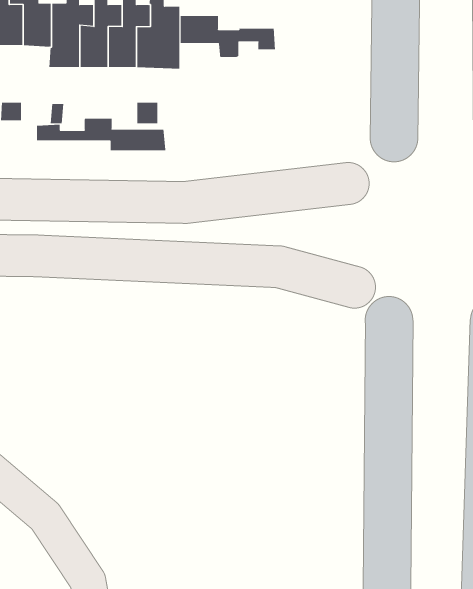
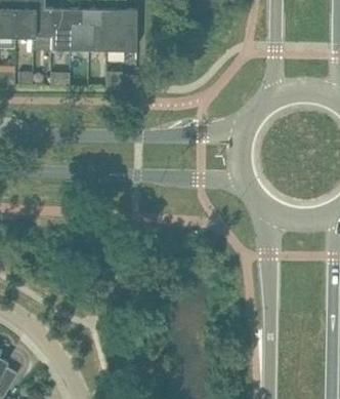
building: [180,15,276,58] -> none
building: [36,118,166,151] -> none

